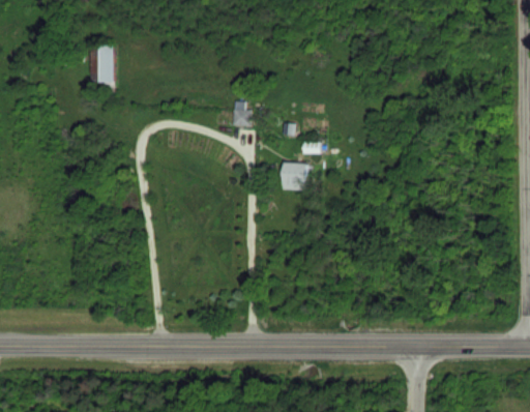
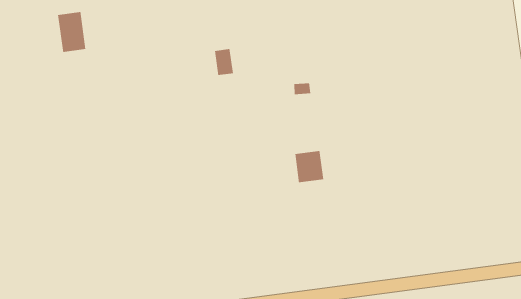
building: [283,163,307,190] -> [294,150,324,183]

